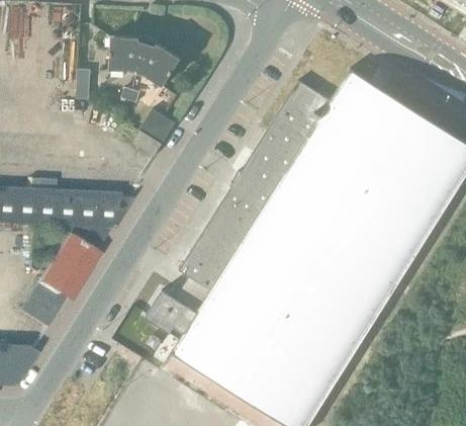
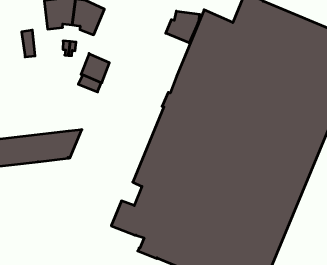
building: none -> [166,11,200,43]
building: [16,227,106,328] -> none

